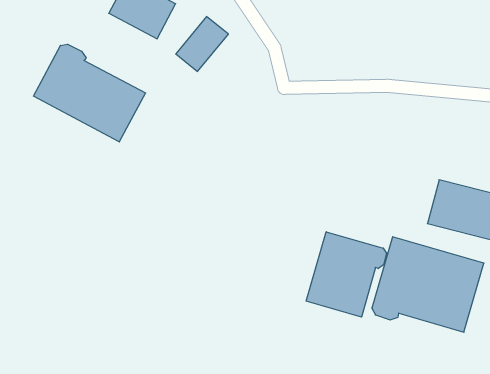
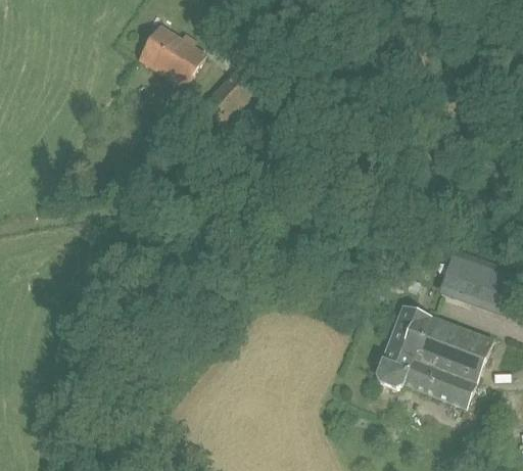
building: [34,44,146,142] -> none
building: [306,232,386,317] -> none

